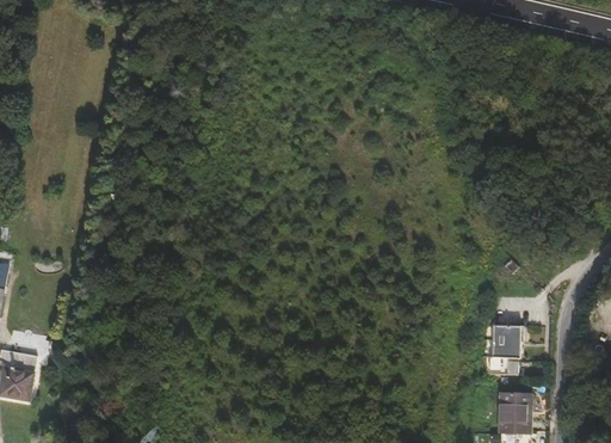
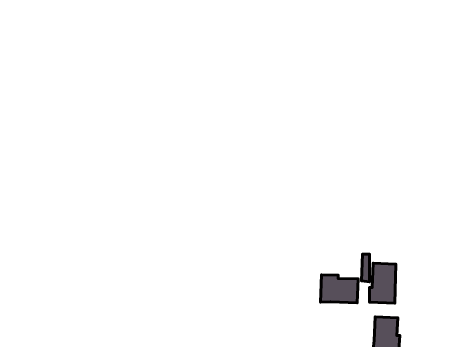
building: none -> [320,275,358,303]

